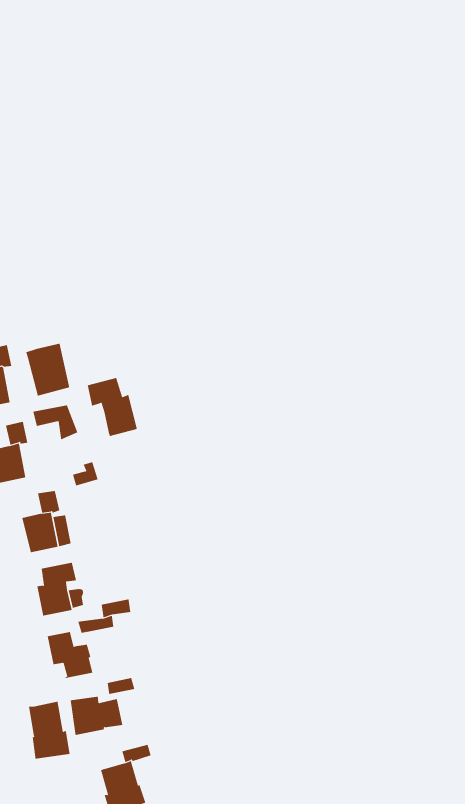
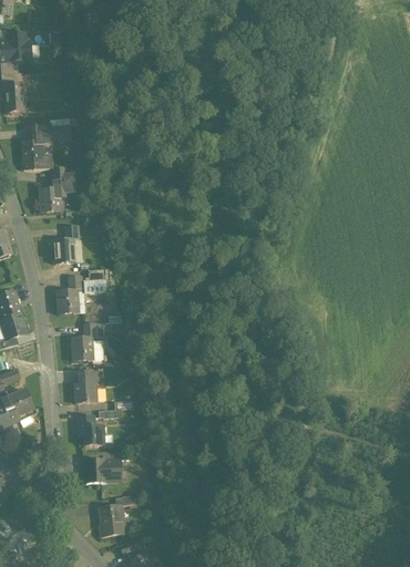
building: [25,343,70,396] -> none
building: [87,377,138,437] -> none
building: [28,701,70,759] -> none

